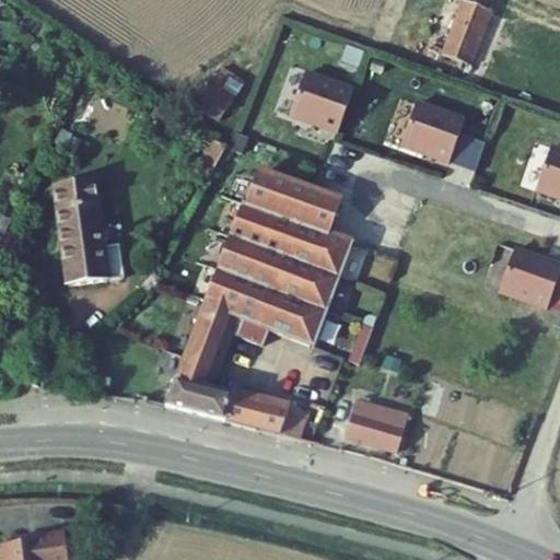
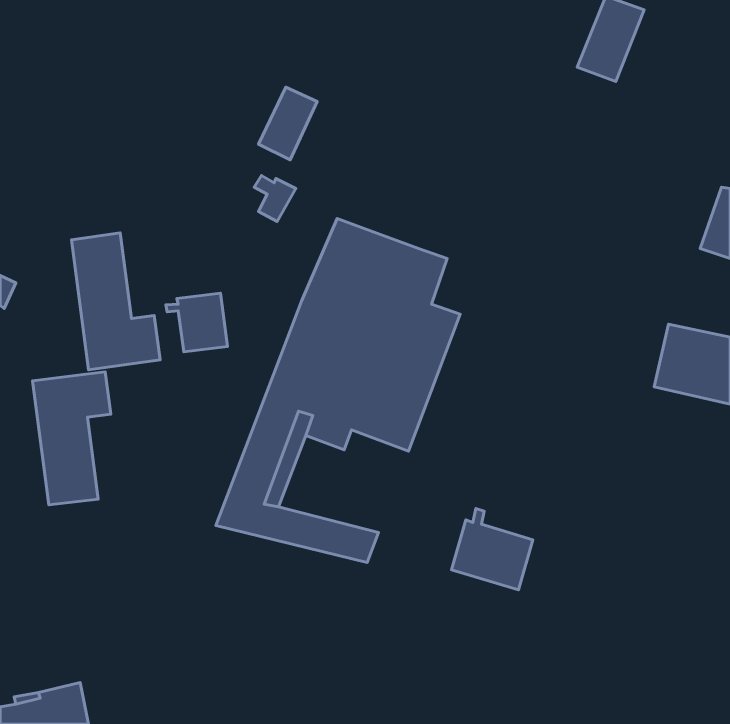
building: [289,68,355,135] -> none
building: [400,98,487,172] -> none
building: none -> [166,293,228,352]
building: none -> [33,372,111,505]

